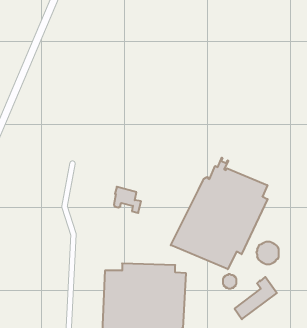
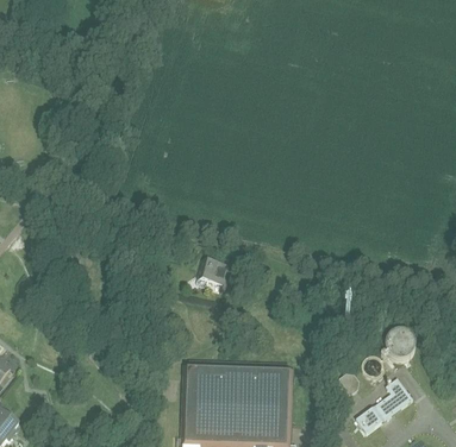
building: [171,158,268,269] -> none

